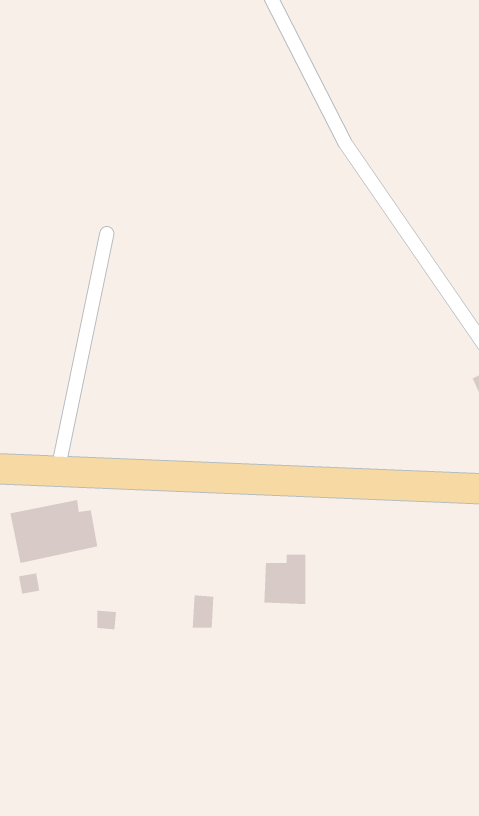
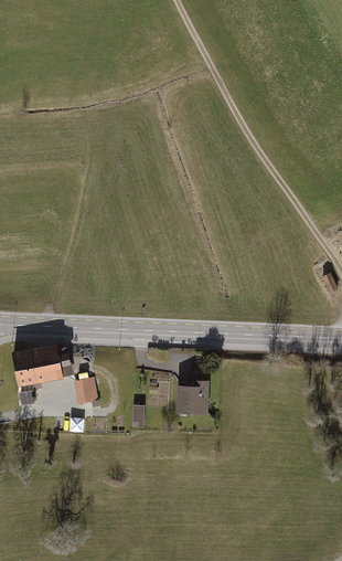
building: none -> [74,378,99,407]

